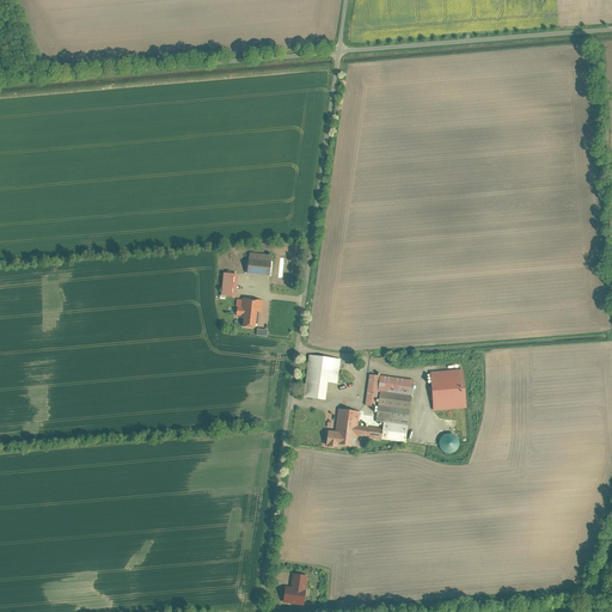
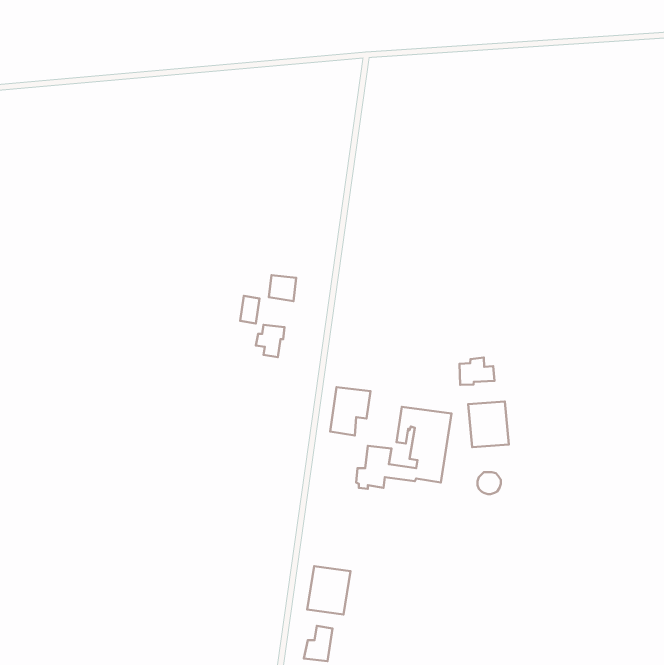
building: none -> [460,358,495,385]
building: none -> [307,566,350,614]

